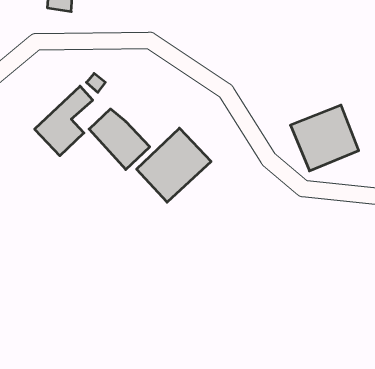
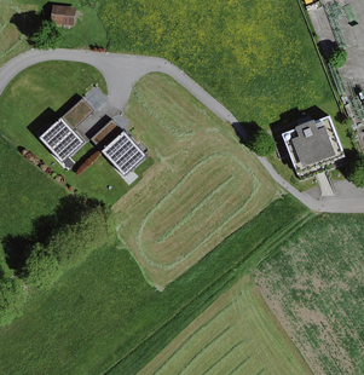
building: [137,128,211,202] -> none

